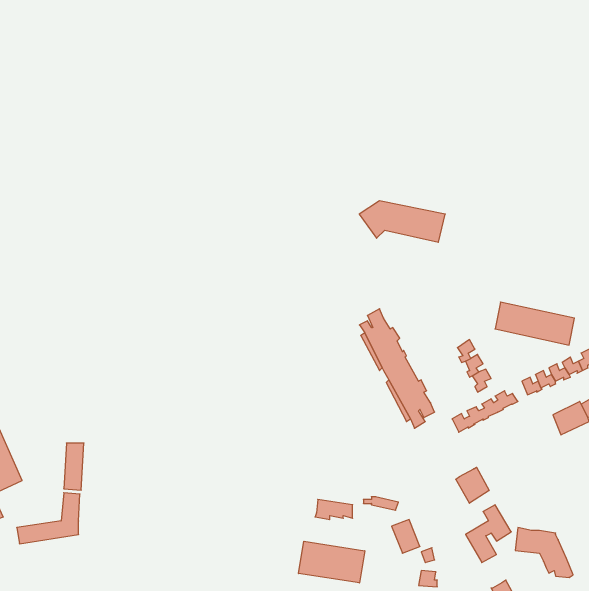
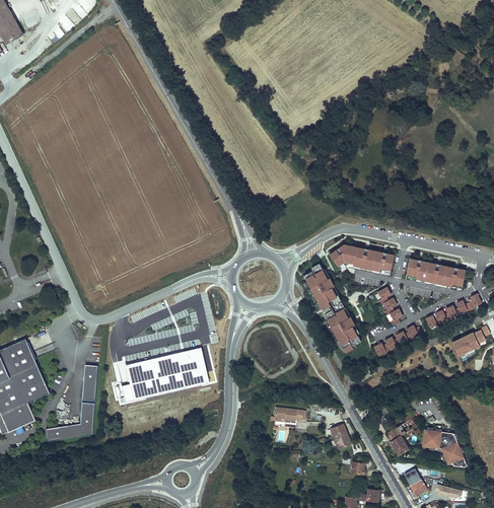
building: [359,201,445,242] -> [330,243,395,275]
building: none -> [113,347,209,403]
building: [456,467,489,503] -> none
building: [299,541,365,583] -> none

